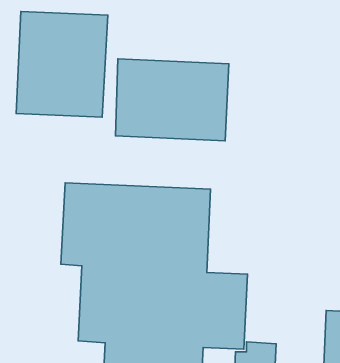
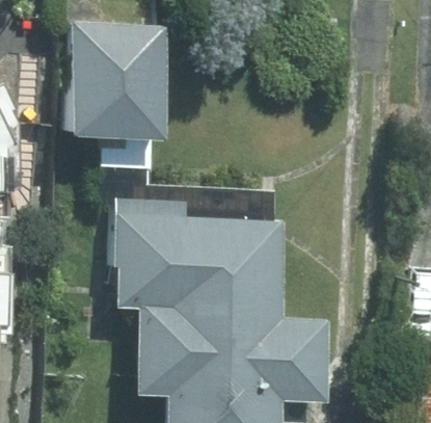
building: [115,59,229,141] -> none

